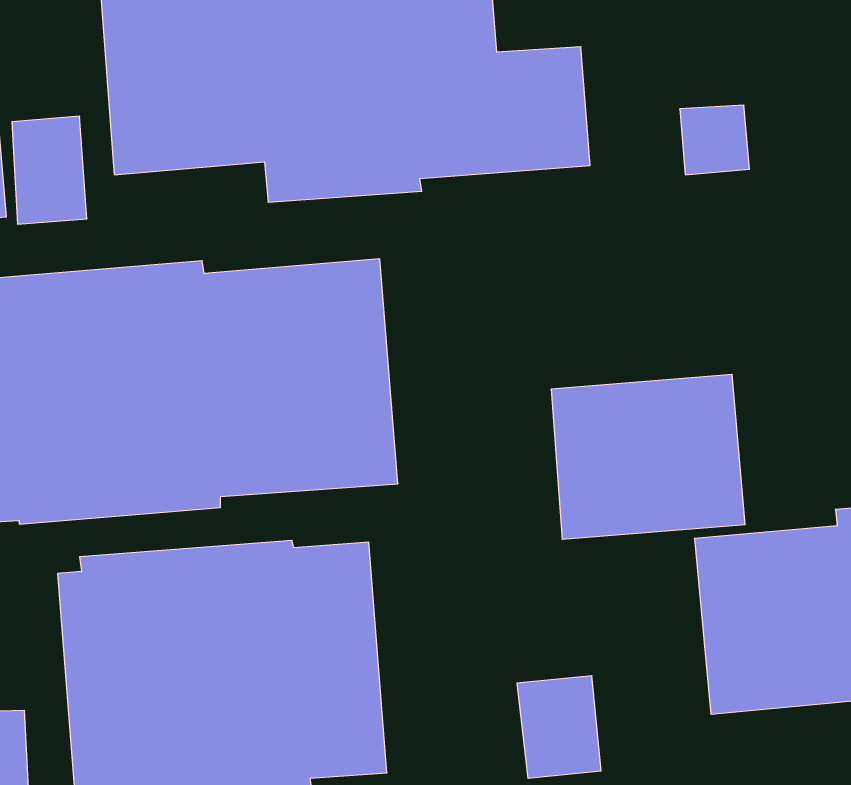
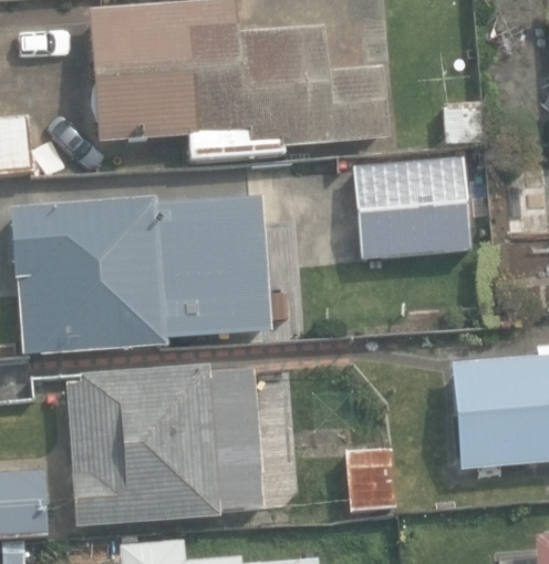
building: [551,375,745,539] -> [355,158,473,258]

